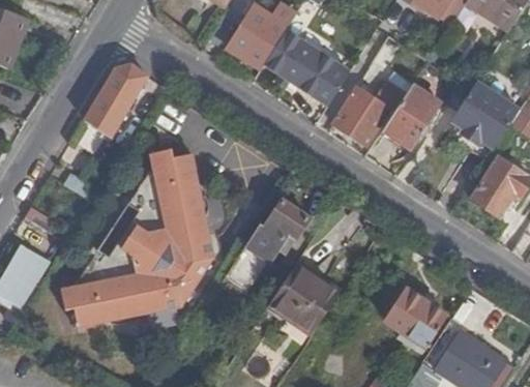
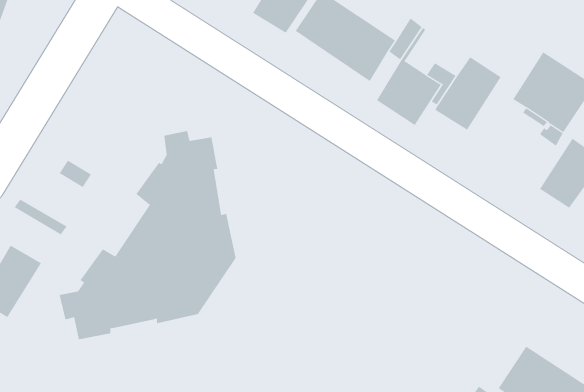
building: [83,64,149,139] -> none
building: [220,200,310,298] -> none
building: [268,265,338,335] -> none
building: [385,290,445,348] -> none

